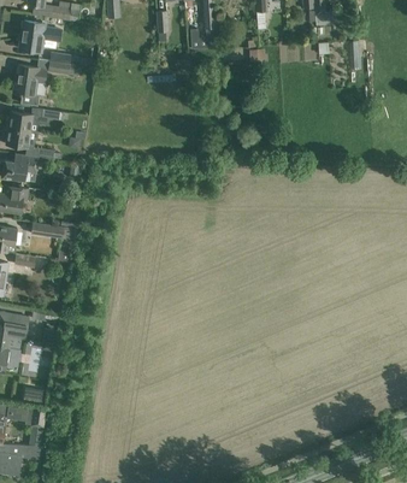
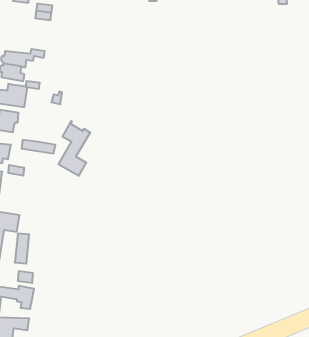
building: [16,65,46,106] -> none
building: none -> [58,121,90,176]

